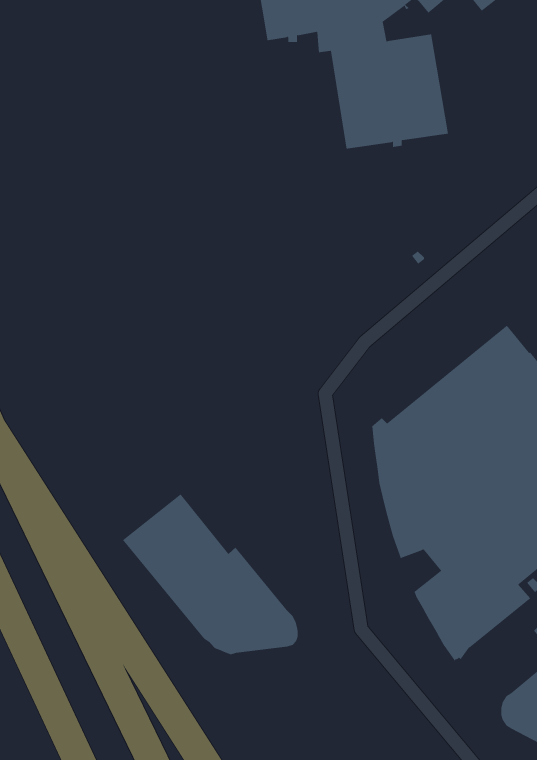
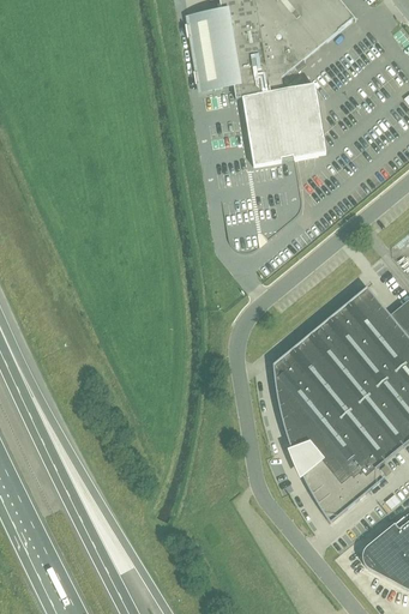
building: [122,493,298,655] -> none

